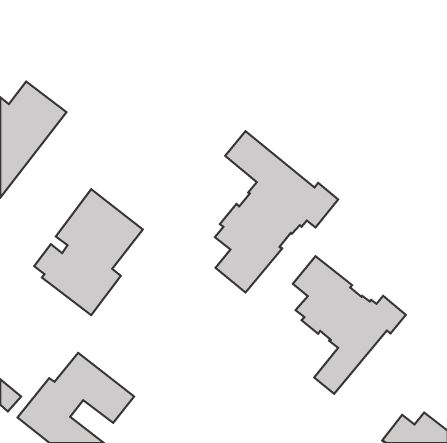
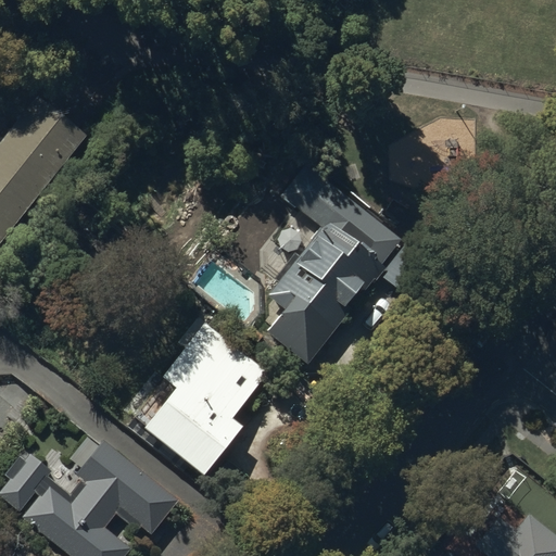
building: [34,189,143,315] -> [134,323,268,479]
building: [293,256,406,394] -> none

